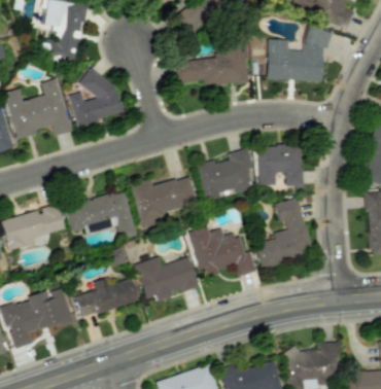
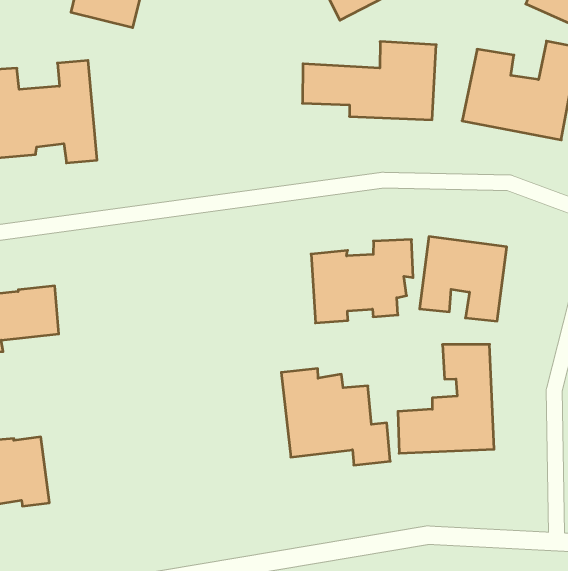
building: [69,71,125,125] -> none
building: [133,176,197,227] -> none
building: [66,190,136,239] -> none
building: [135,256,199,302] -> none
building: [74,278,139,318] -> none

